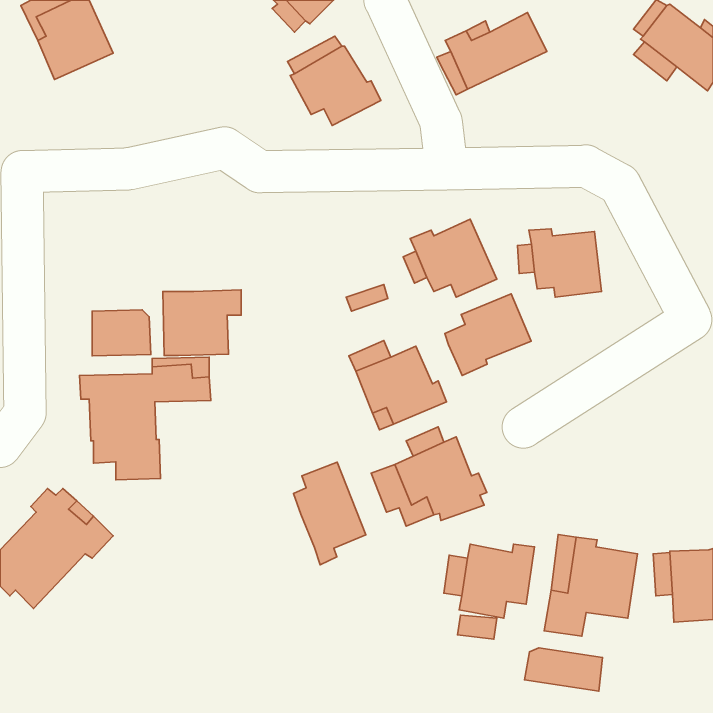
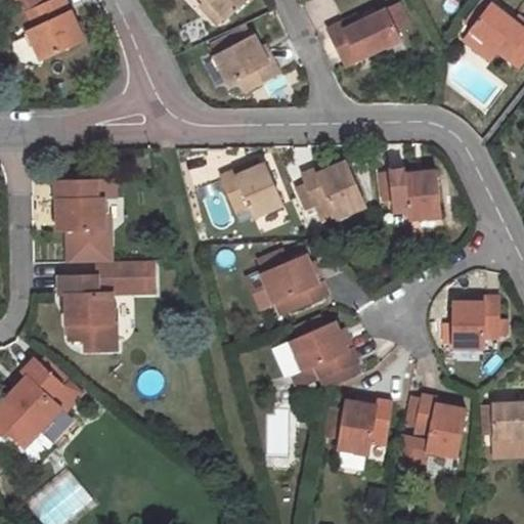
building: none -> [220,164,282,217]
building: [163,290,241,356] -> [56,180,114,228]
building: [445,294,531,375] -> none
building: none -> [452,297,499,346]
building: [294,462,366,565] -> none
building: [525,648,603,691] -> none

